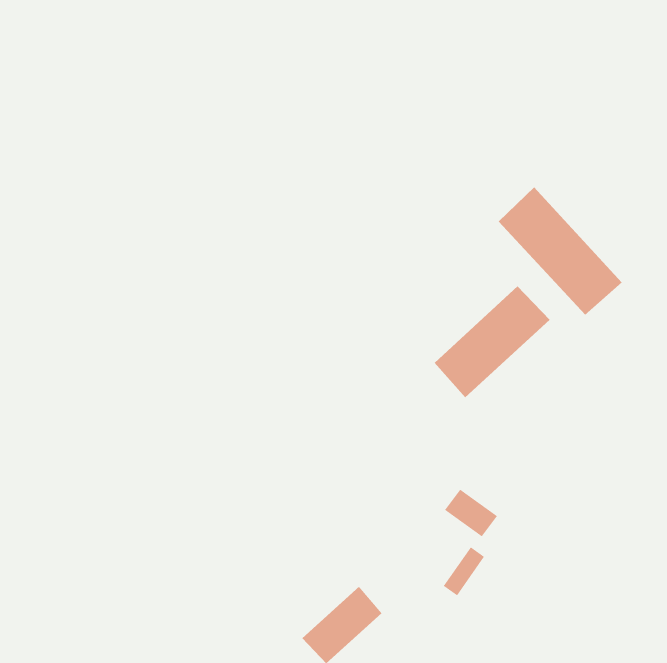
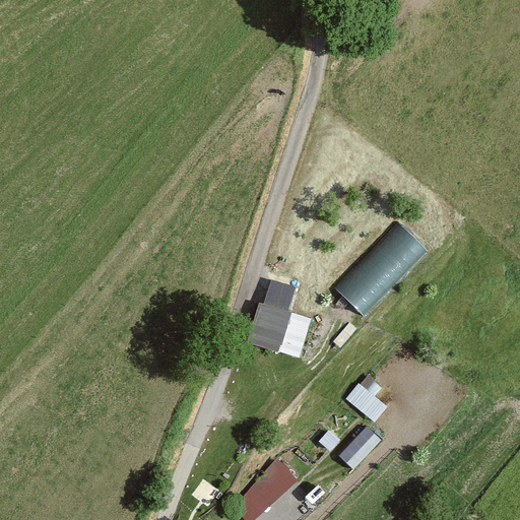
building: [498,187,623,316] -> none
building: none -> [248,277,311,356]

